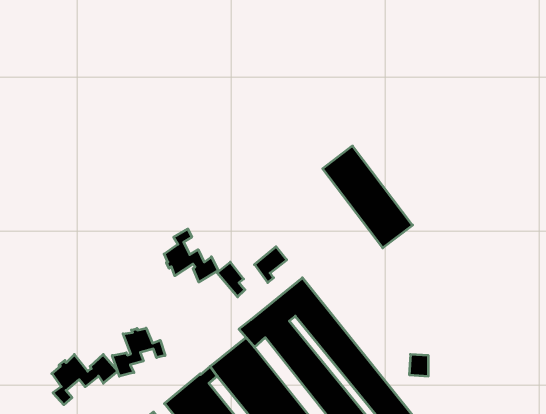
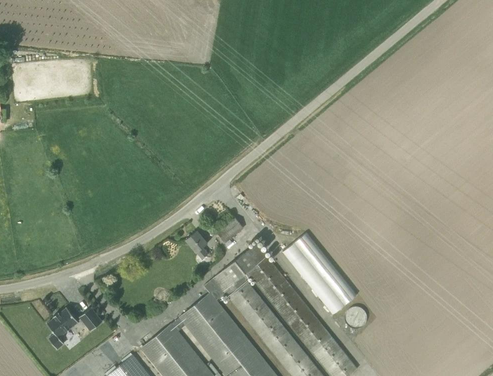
building: [323,146,413,248] -> [282,230,357,315]
building: [164,229,218,282] -> none
building: [112,328,165,376] -> none

